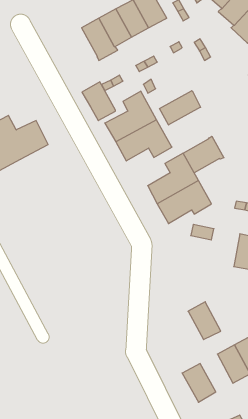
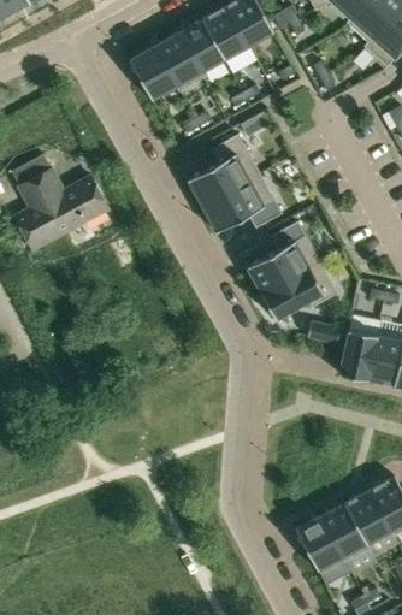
building: [82,82,115,121] -> [129,46,176,100]
building: [160,91,201,125] -> none
building: [183,136,224,173] -> none
building: none -> [338,330,376,380]
building: [188,302,221,340] -> [320,503,366,556]

